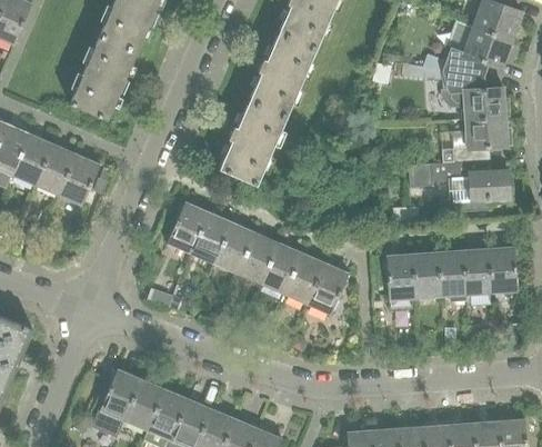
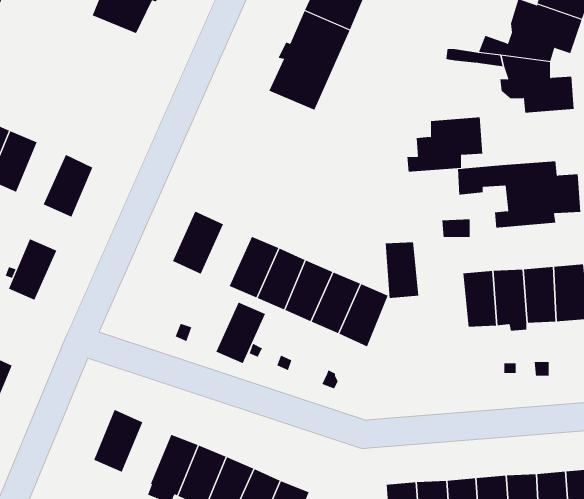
building: [70,37,137,121] -> none
building: [219,100,287,186] -> none
building: [443,116,508,162] -> [407,117,483,172]
building: [36,143,77,196] -> [8,238,57,301]
building: [191,212,233,265] -> [216,302,266,364]
building: [387,254,415,301] -> [385,242,419,299]
building: [124,379,165,431] -> none

